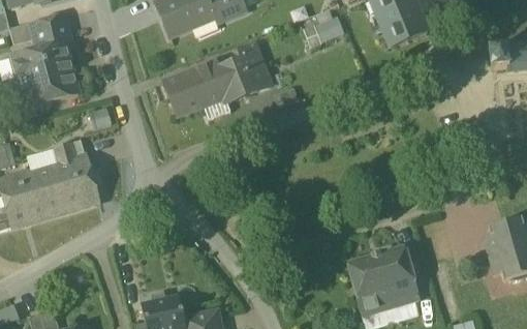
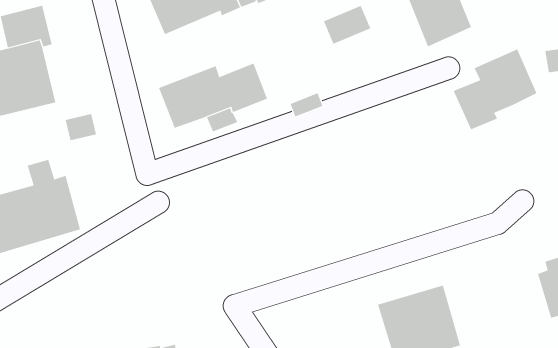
building: [240,44,271,91] -> none
building: none -> [453,48,537,130]

